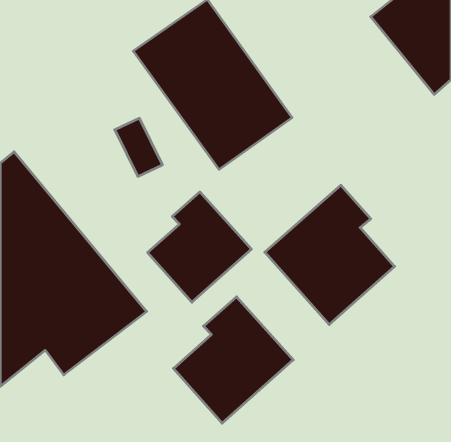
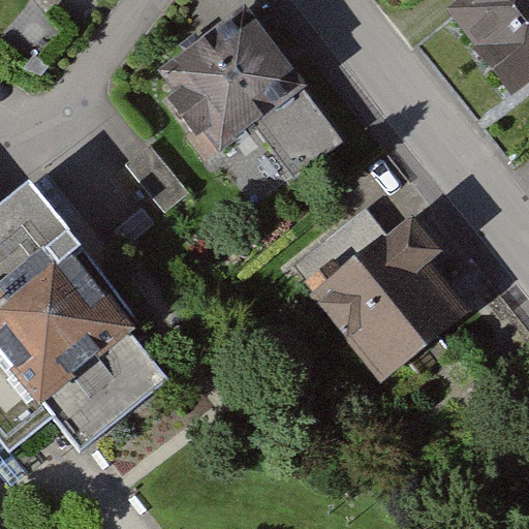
building: [148,192,251,302] -> none
building: [173,297,293,423] -> none

